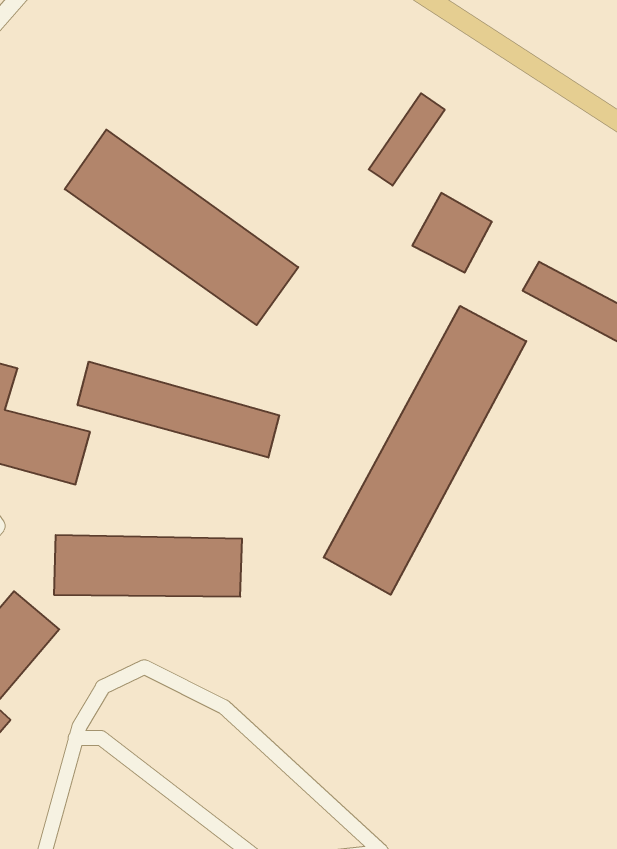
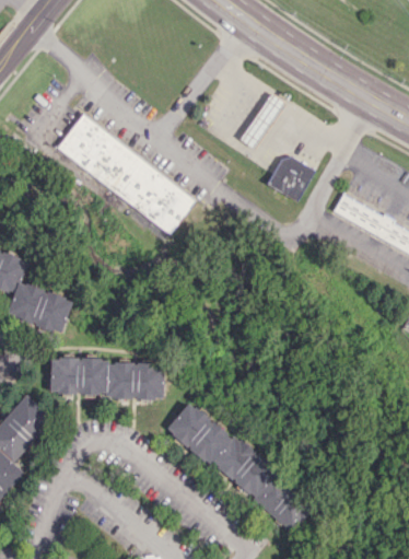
building: [324,306,526,595] -> none
building: [78,362,279,458] -> none
building: none -> [165,404,315,531]

